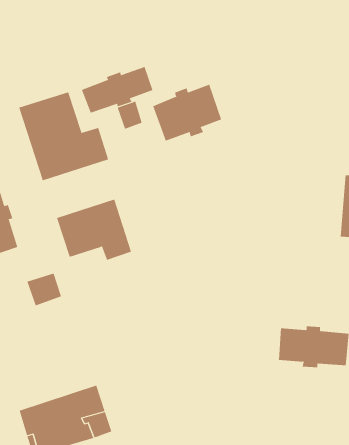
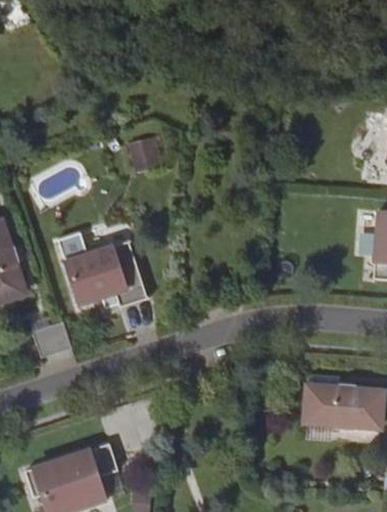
building: [81,66,153,114] -> none
building: [152,84,222,141] -> none
building: [19,91,109,181] -> none

